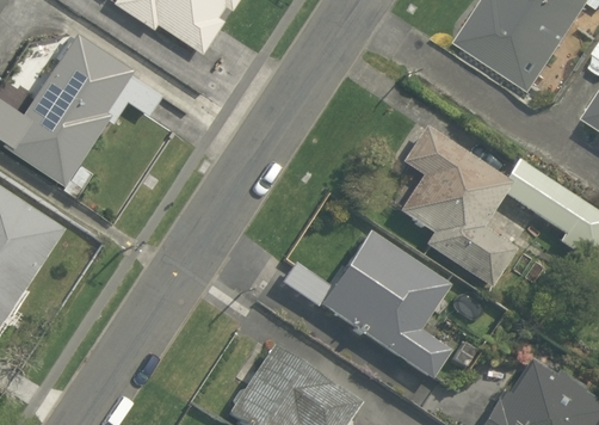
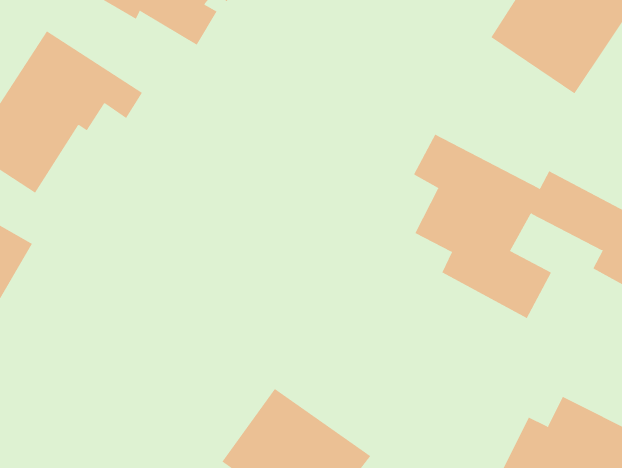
building: [277,228,457,378] -> none

